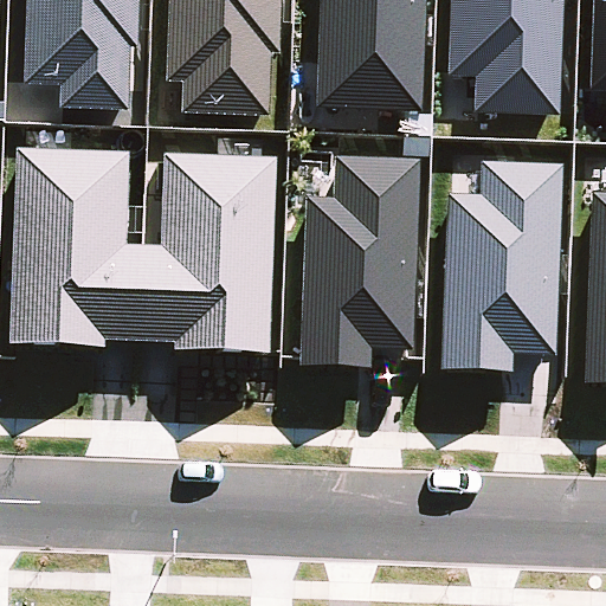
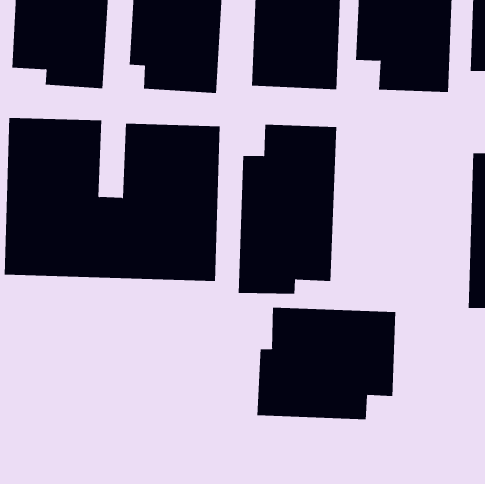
building: [439,157,566,372] -> none
building: none -> [257,307,396,420]

